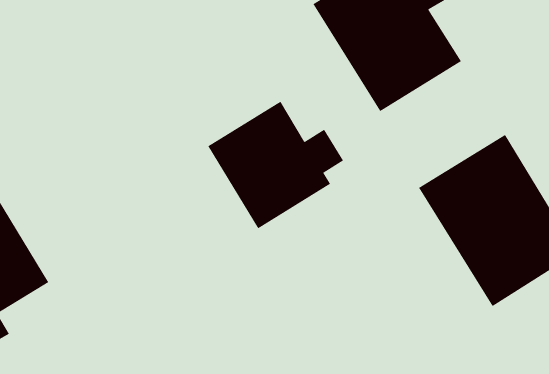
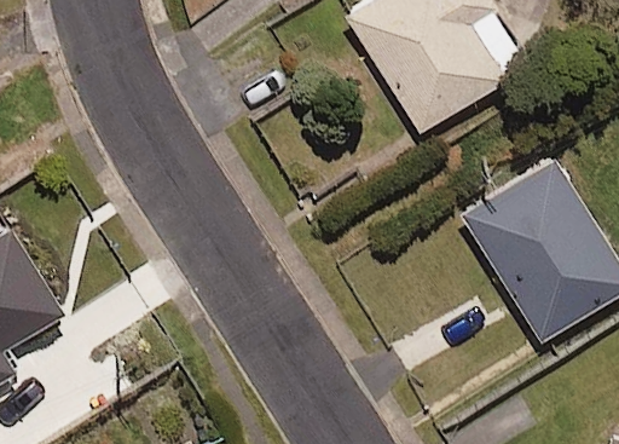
building: [208,101,344,229] -> none

